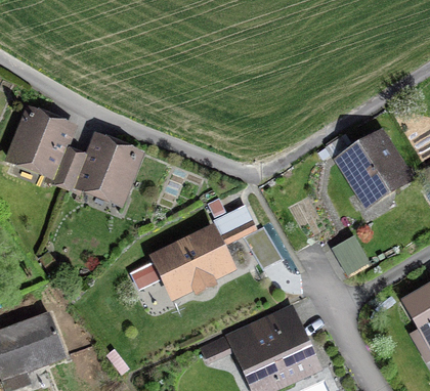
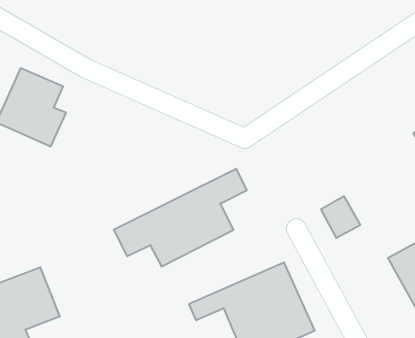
building: [333,129,416,212] -> none
building: [59,133,146,210] -> none

